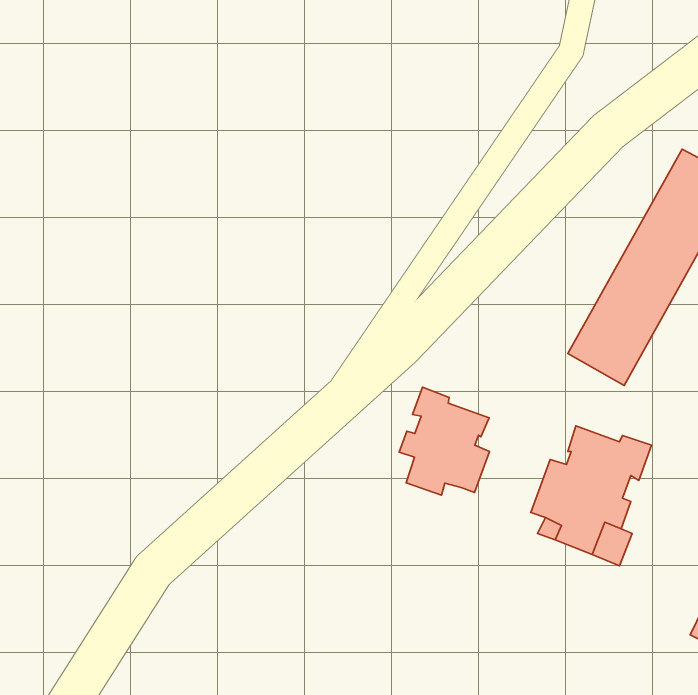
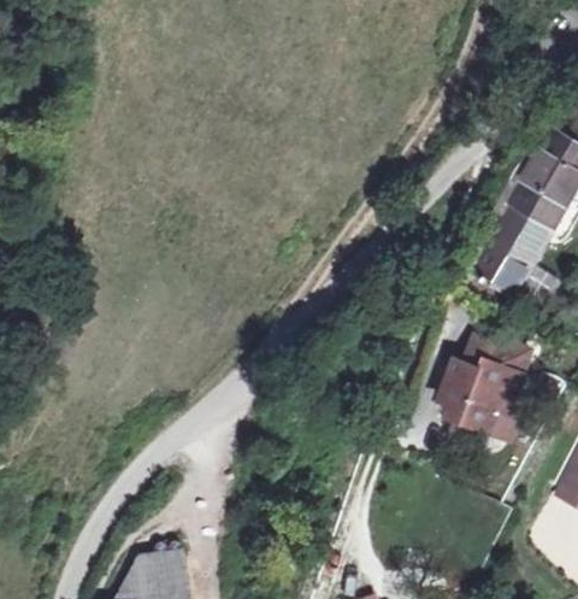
building: [399,387,490,495] -> none

